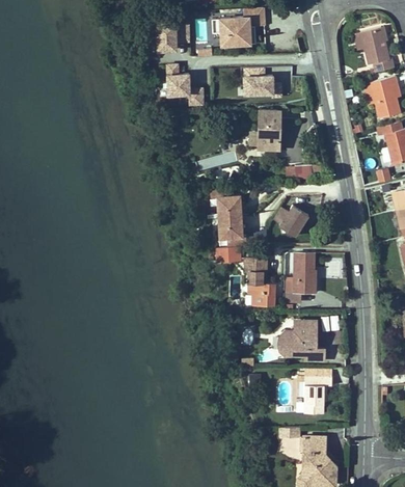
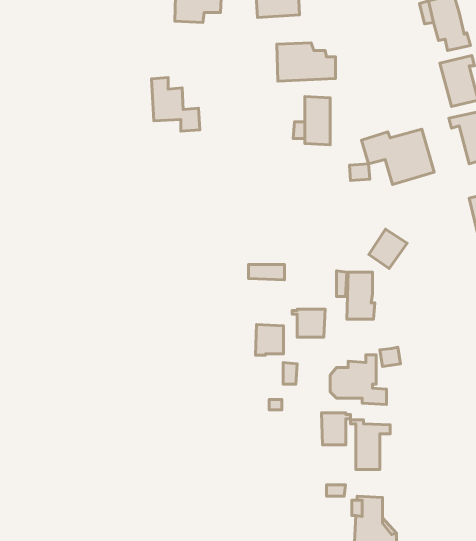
building: [166,61,206,105] -> [151,78,200,131]
building: none -> [362,129,434,184]
building: [217,190,245,238] -> none
building: [279,205,310,237] -> [369,229,407,269]
building: [244,260,267,285] -> [255,325,283,355]
building: none -> [322,413,350,445]

